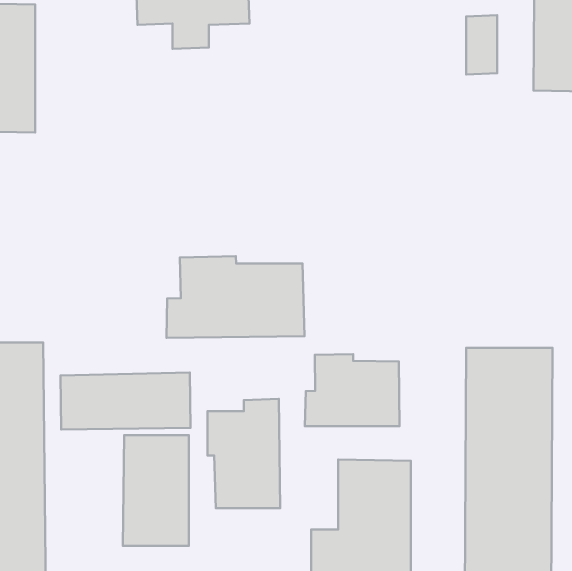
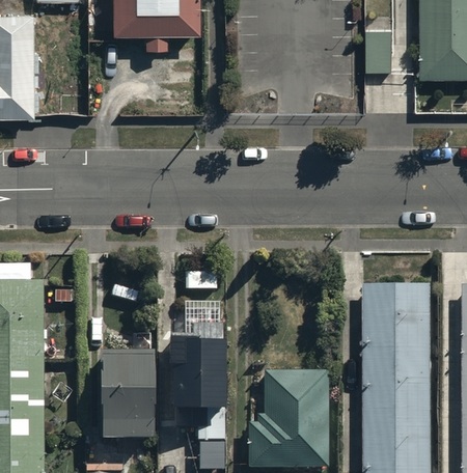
building: [167,256,304,338] -> none
building: [305,354,400,426] -> none
building: [61,373,190,429] -> none

